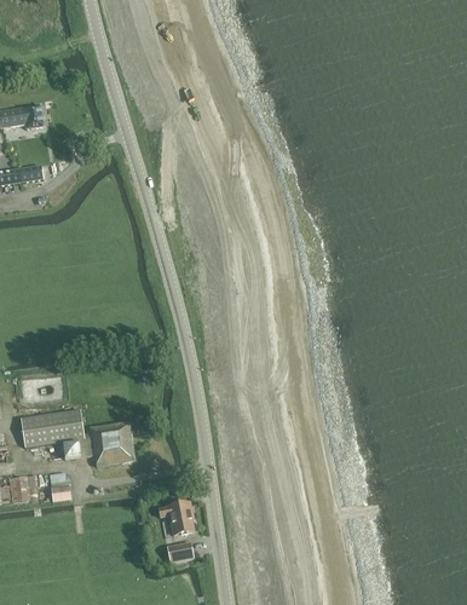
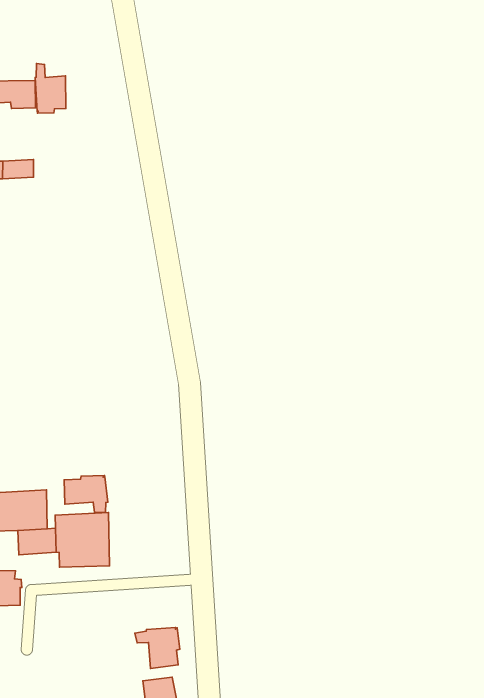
building: none -> [35,64,66,113]
building: none -> [64,475,108,513]

